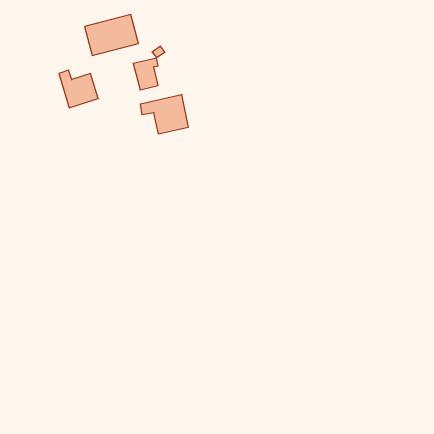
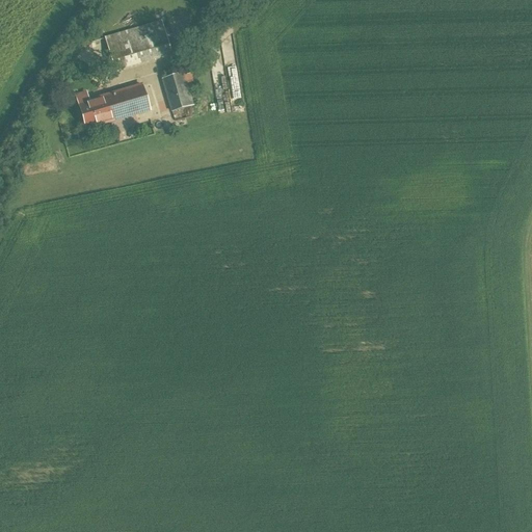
building: none -> [110,80,151,119]
building: [140,94,188,134] -> none

